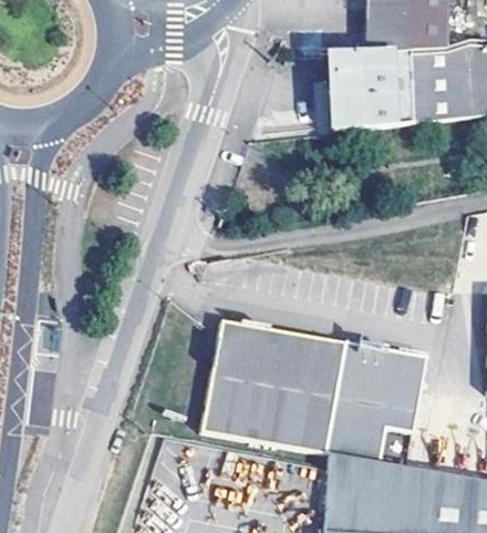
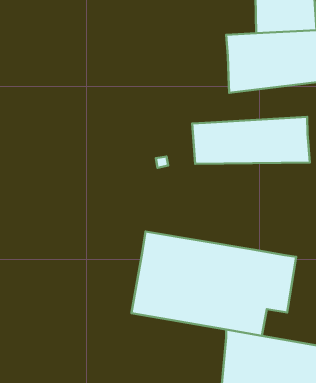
building: none -> [192,117,310,164]

